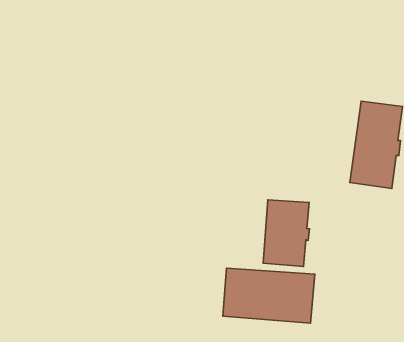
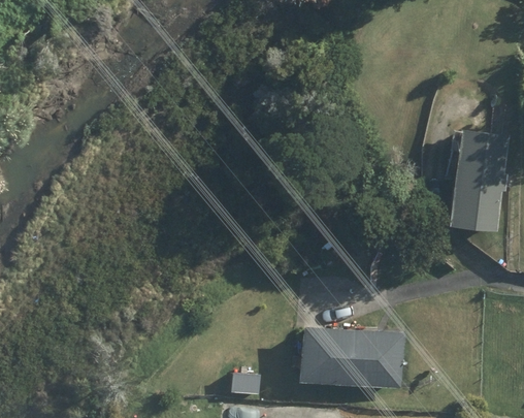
building: [263,200,309,267] -> none

